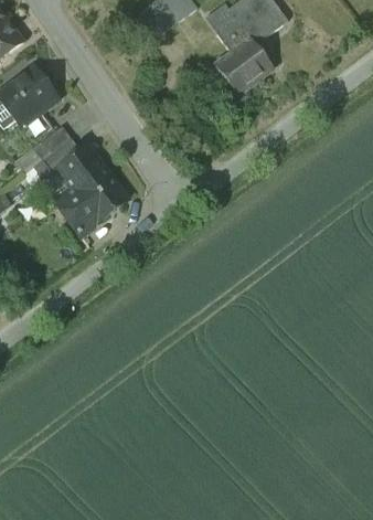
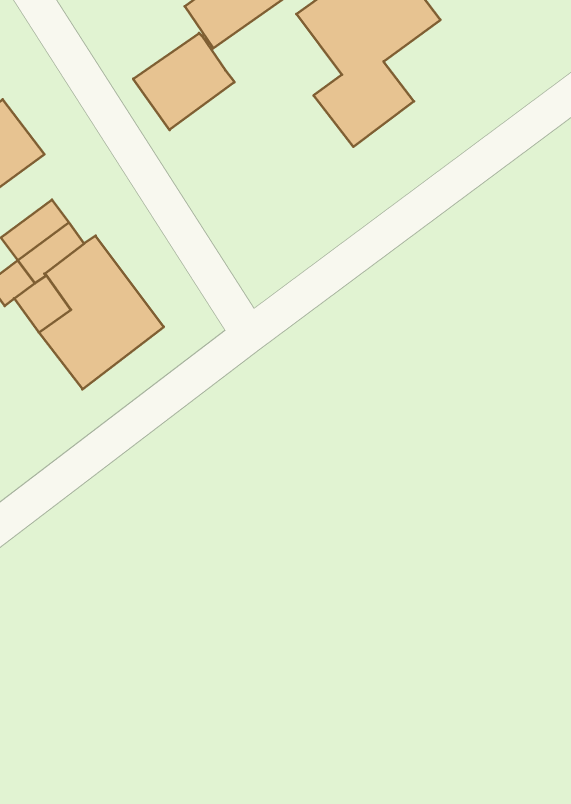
building: none -> [133,33,234,130]

